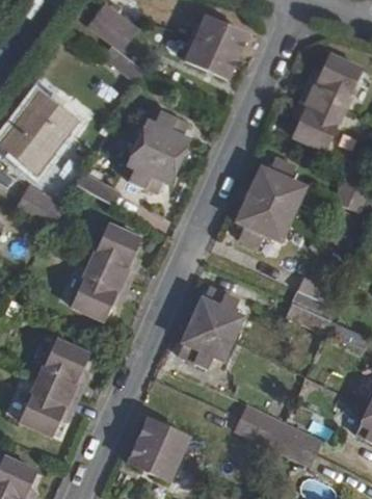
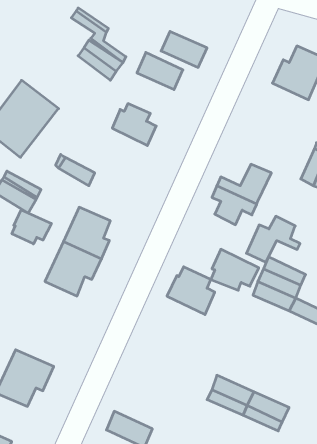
building: [196,17,245,56] -> [137,52,183,90]
building: [296,94,344,148] -> none
building: [124,141,172,186] -> none
building: [250,154,308,203] -> [246,216,300,262]
building: none -> [12,210,51,244]
building: [183,320,234,364] -> [211,249,259,290]
building: [32,343,81,395] -> none
building: [137,420,189,462] -> none

